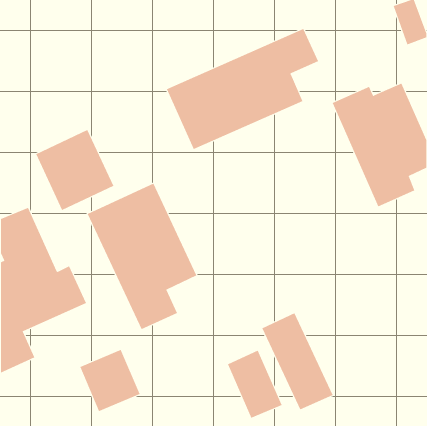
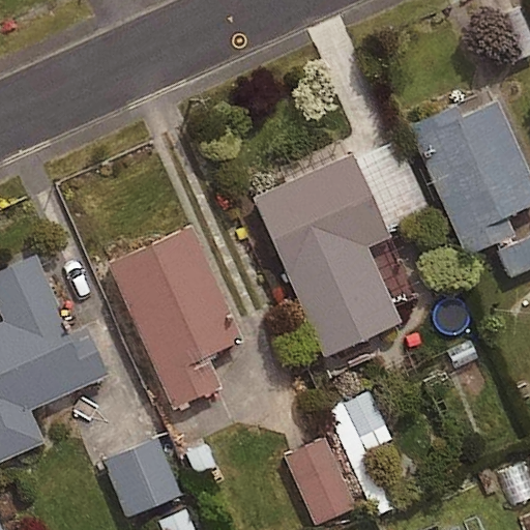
building: [166,28,319,150] -> none
building: none -> [254,154,401,357]
building: [35,129,114,211] -> none

